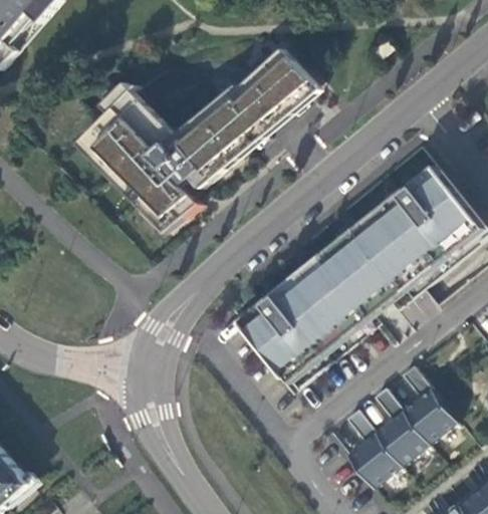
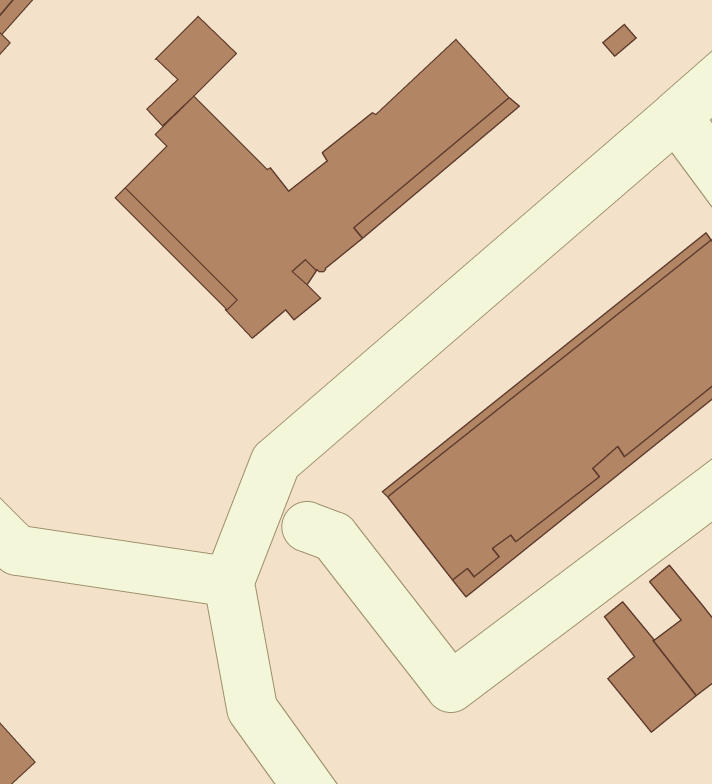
building: none -> [147,16,236,126]
building: [344,407,401,486] -> none

